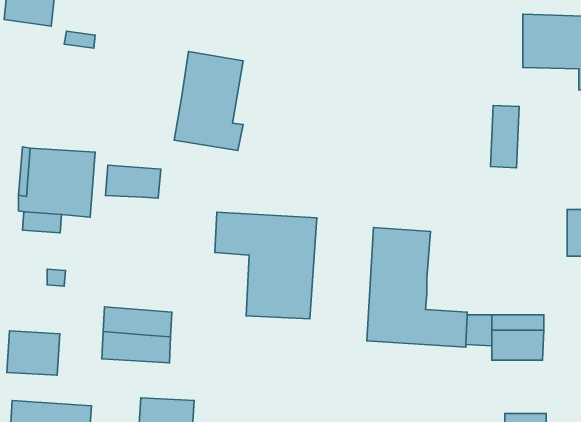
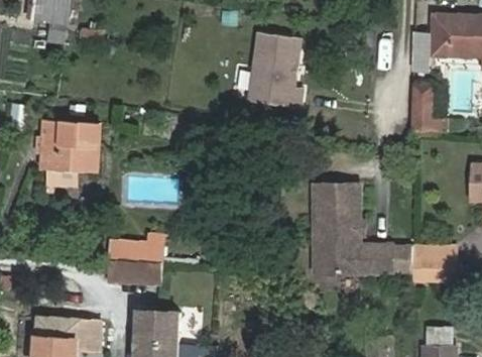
building: [174,52,243,150] -> [248,27,302,104]
building: [105,165,161,198] -> none
building: [215,212,317,319] -> none
building: [7,331,60,375] -> none

